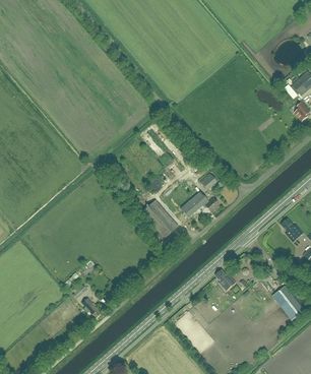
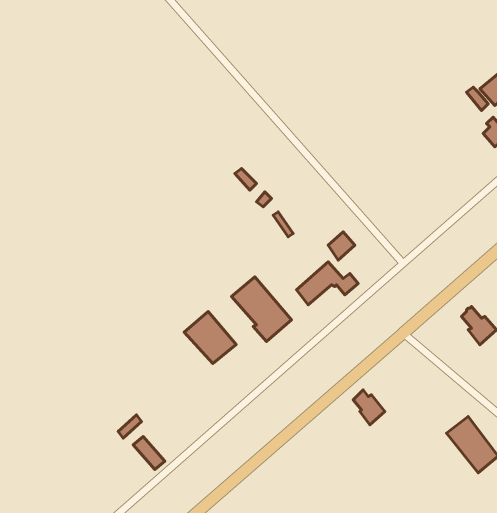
building: none -> [184,311,236,364]

